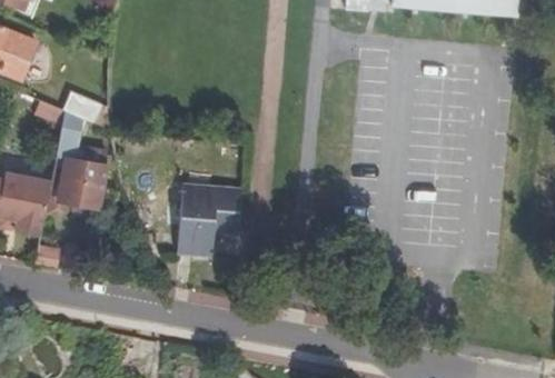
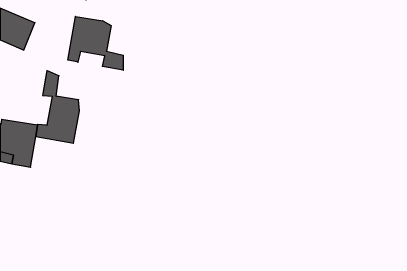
building: none -> [68,16,123,70]
building: [176,186,242,256] -> none

